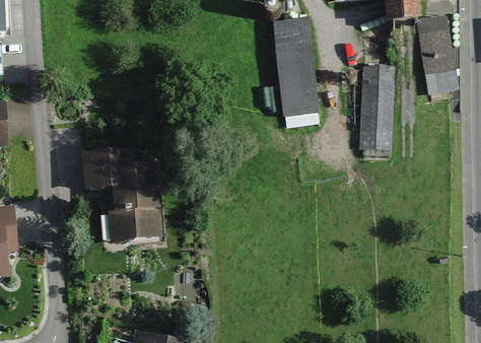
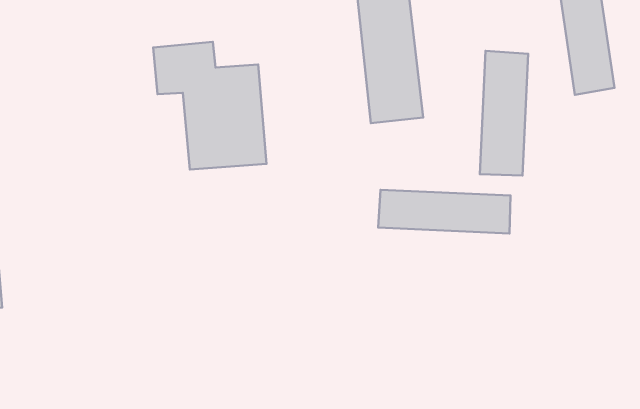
building: [84,150,165,242] -> [153,42,267,169]
building: none -> [378,190,510,234]

